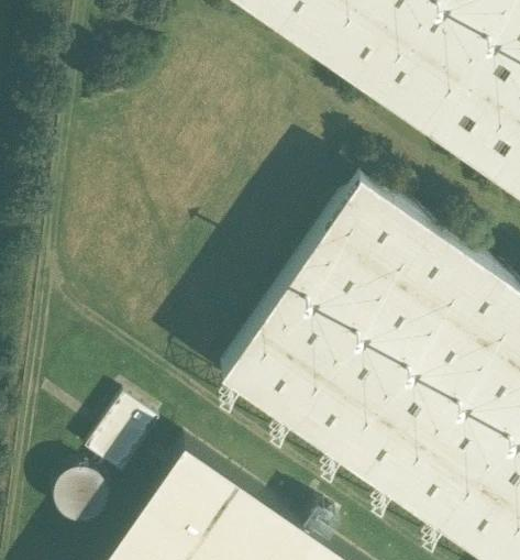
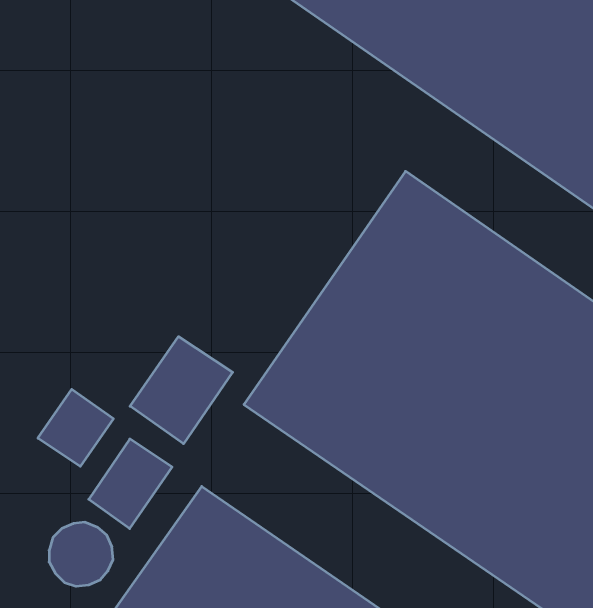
building: none -> [130,337,233,444]
building: none -> [38,389,113,466]

